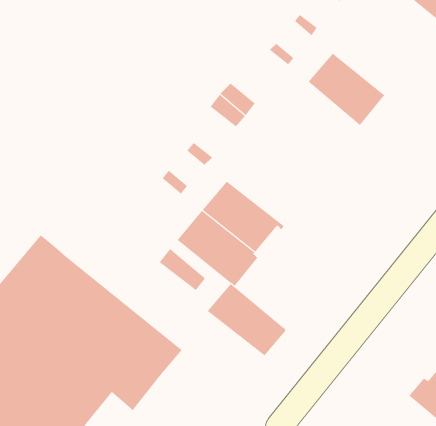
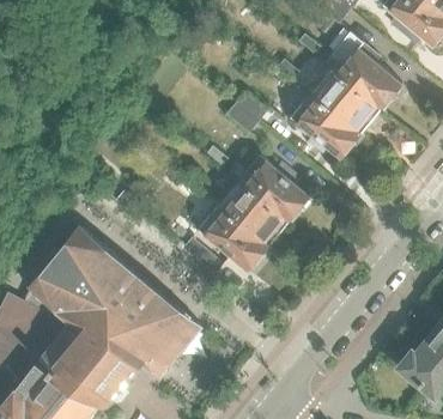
building: none -> [332,43,401,110]
building: none -> [290,93,363,159]
building: [207,283,287,356] -> [239,156,309,219]

